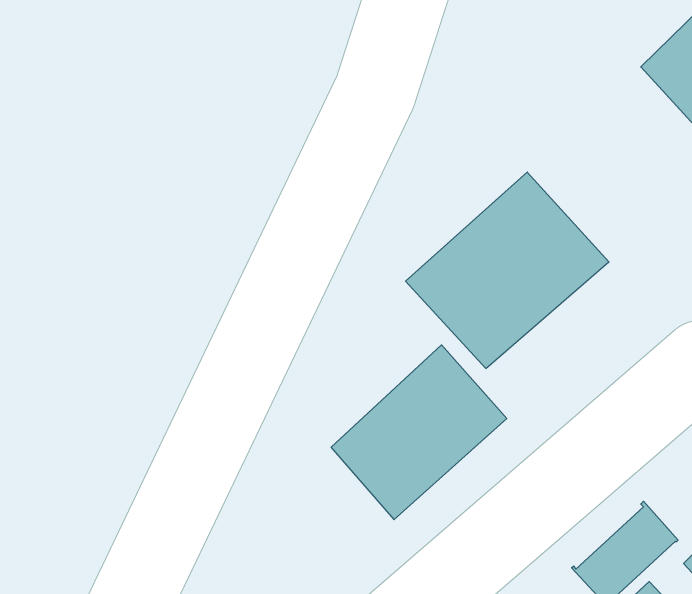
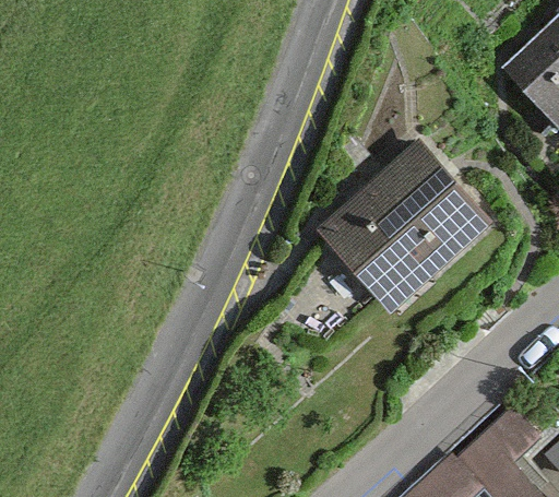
building: [331,345,507,520] -> none

